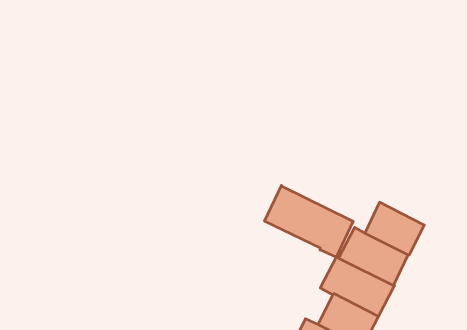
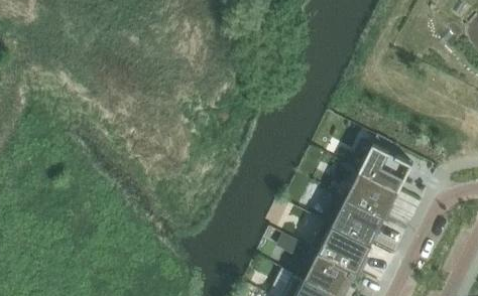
building: none -> [354,146,407,201]
building: [265,185,353,257] -> none

